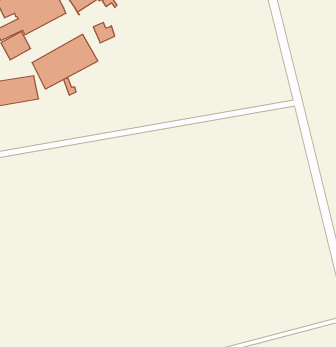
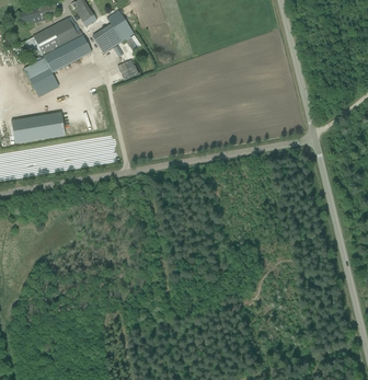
building: [32,34,98,89] -> none

